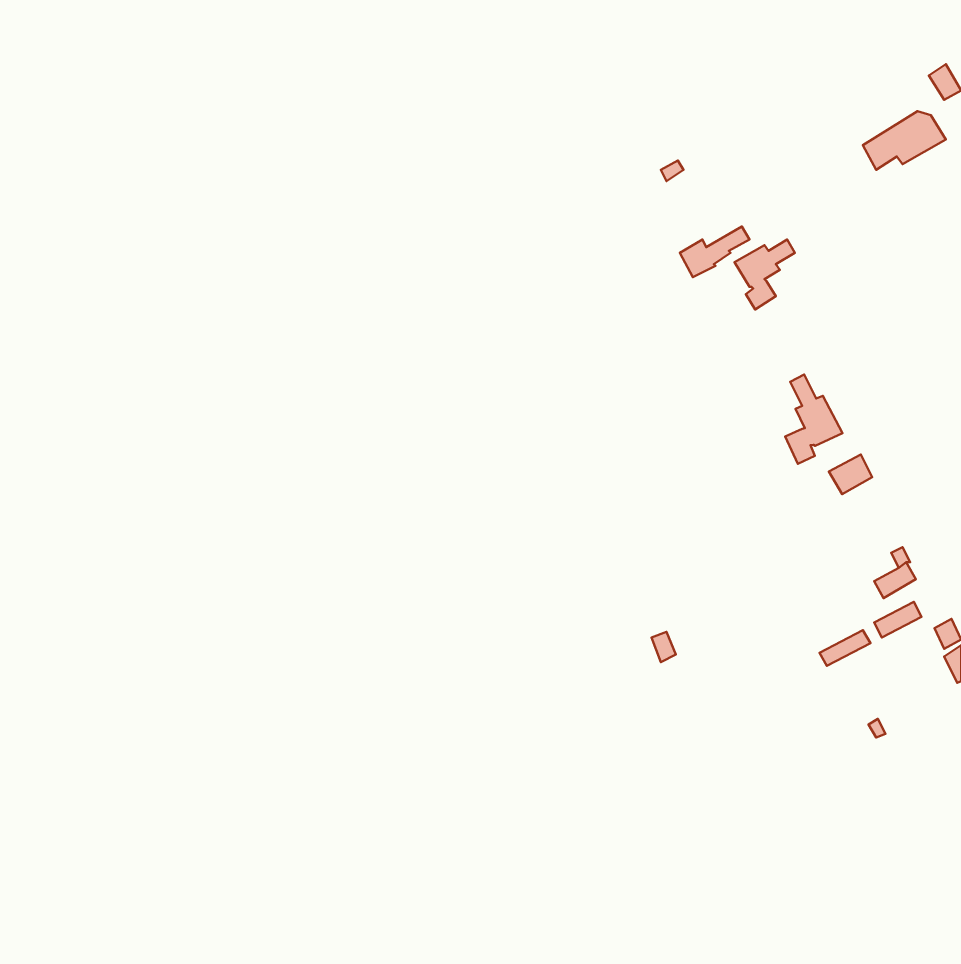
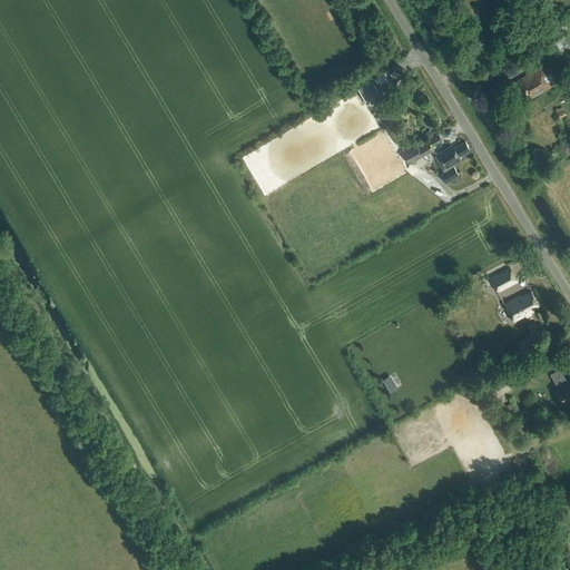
building: [785,375,843,464] -> none
building: none -> [503,292,538,322]

